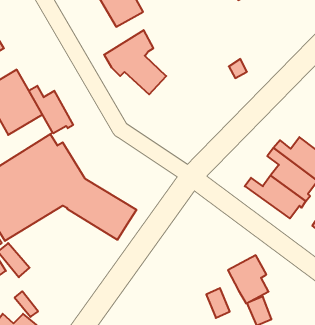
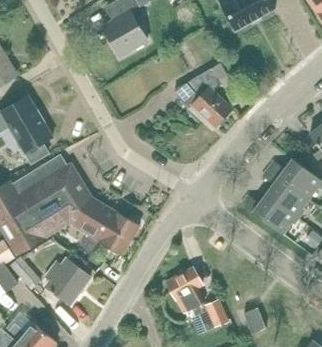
building: [104,30,166,94] -> [174,66,232,126]
building: [29,86,73,133] -> none
building: none -> [45,258,90,304]
building: [228,255,269,303] -> [166,267,204,312]

